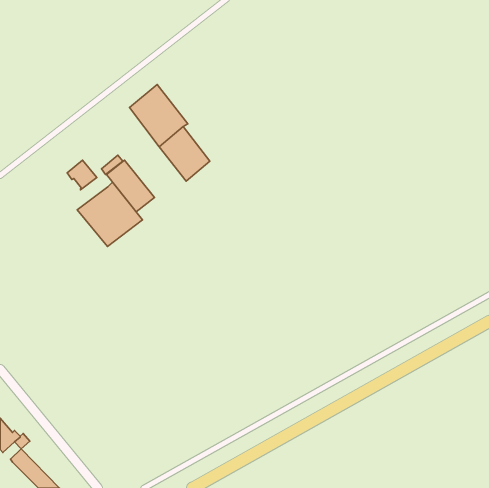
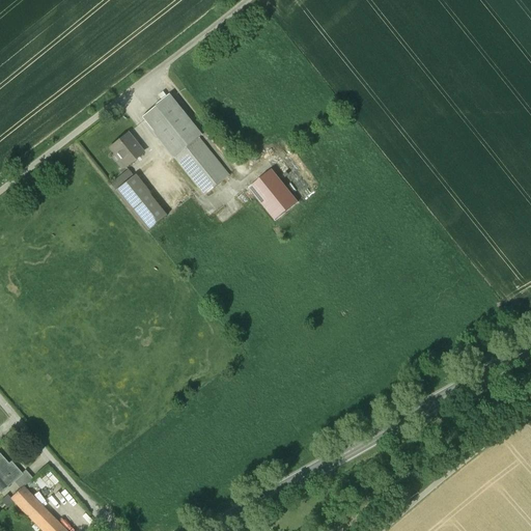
building: none -> [249,167,299,218]
building: [67,160,97,190] -> [111,133,143,165]
building: [77,182,142,246] -> none

